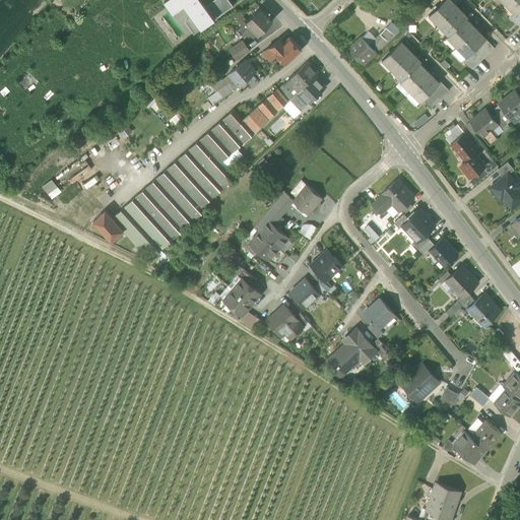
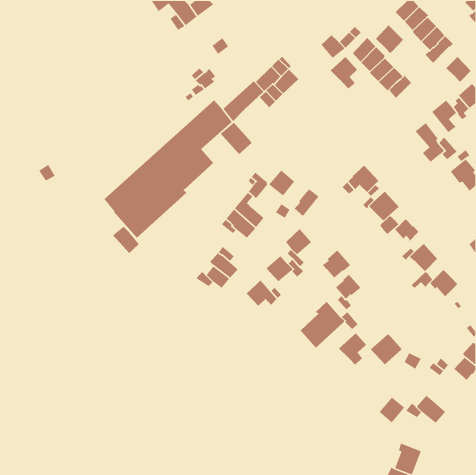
building: [238,8,273,38] -> none
building: none -> [375,25,404,54]
building: [265,38,302,64] -> none
building: [229,61,256,90] -> none
building: none -> [446,56,471,83]
building: none -> [330,56,358,89]
building: none -> [220,122,252,155]
building: none -> [294,189,319,217]
building: [93,211,124,242] -> [112,226,140,254]
building: none -> [322,249,351,279]
building: none -> [338,332,367,365]
building: [472,420,501,450] -> [379,396,405,423]

